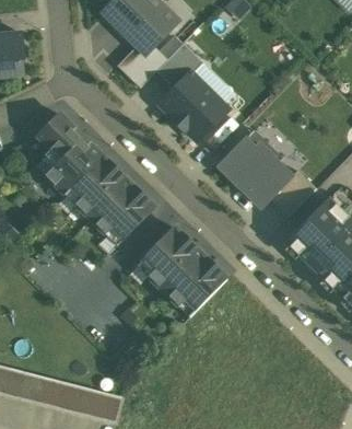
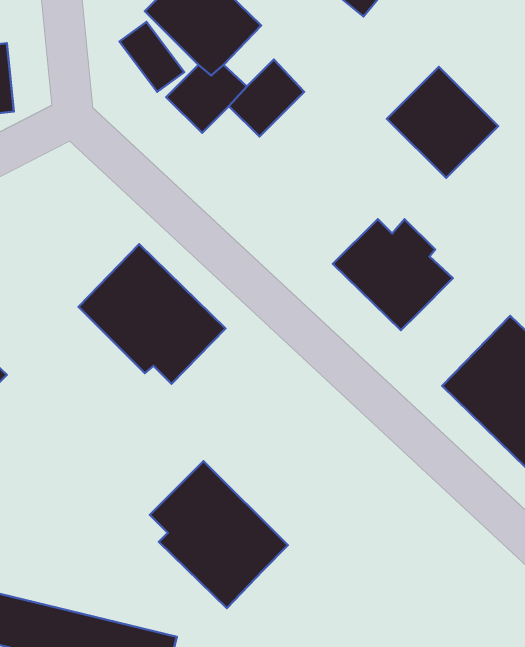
building: [161,72,228,140] -> [387,67,498,178]
building: [37,114,102,194] -> none
building: [271,172,315,217] -> none
building: [142,228,226,317] -> [150,461,288,608]

